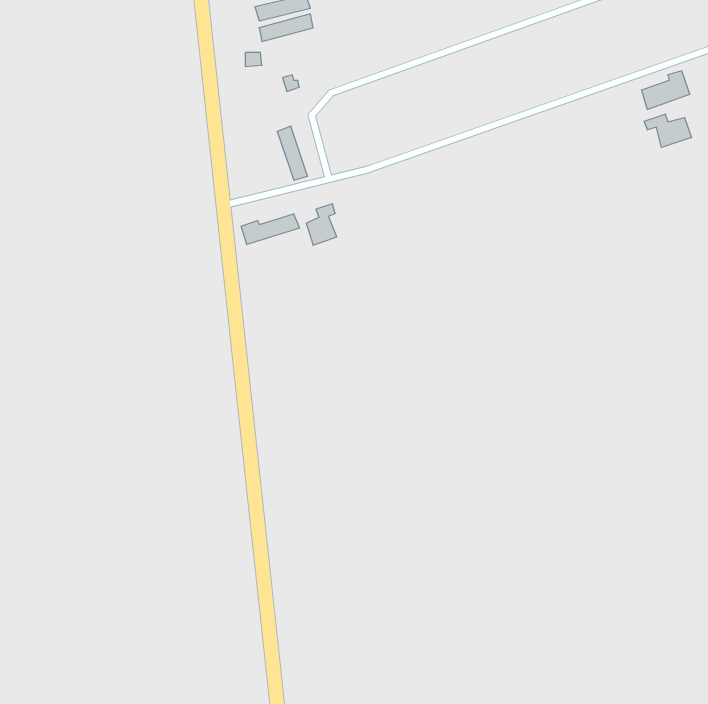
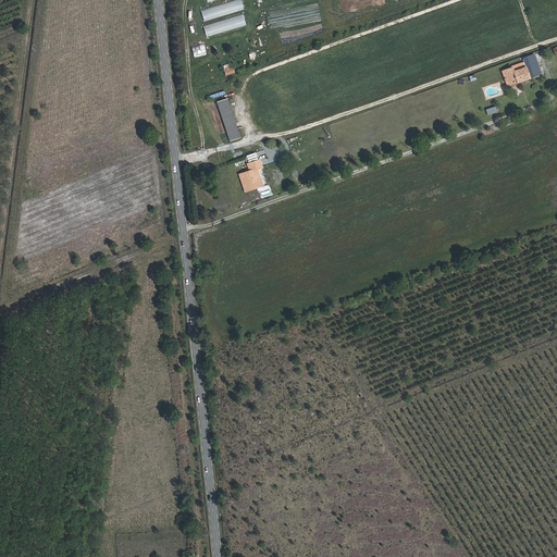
building: [644,114,692,147] -> none
building: [241,214,300,245] -> none

